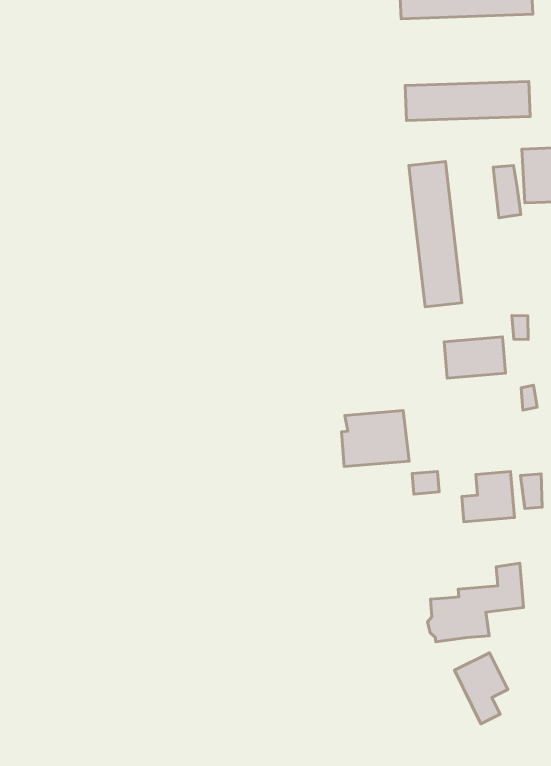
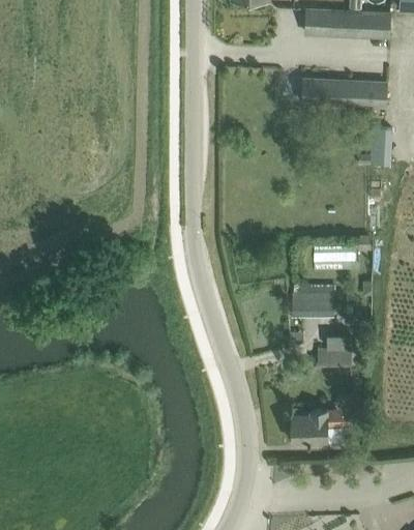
building: [409,161,462,307] -> none
building: [341,411,409,467] -> [293,284,335,317]
building: [454,653,508,724] -> none

